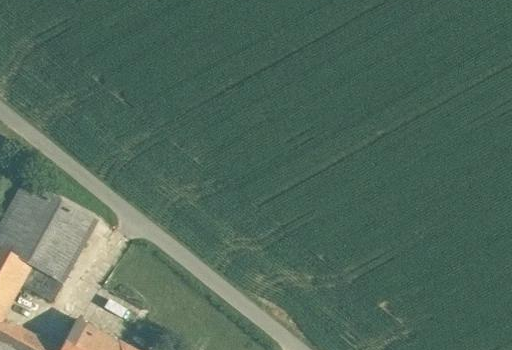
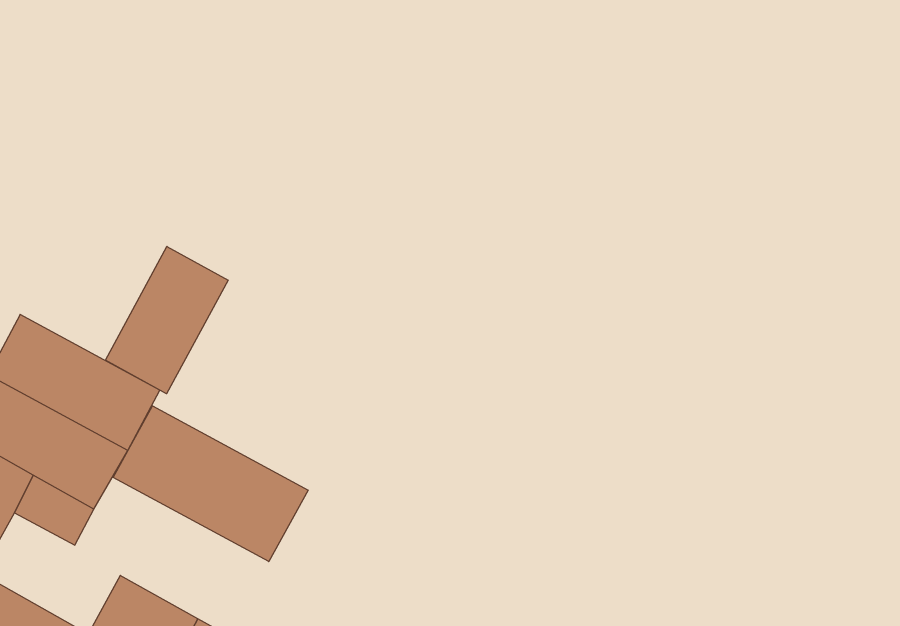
building: none -> [105,246,228,394]
building: none -> [113,406,308,562]

